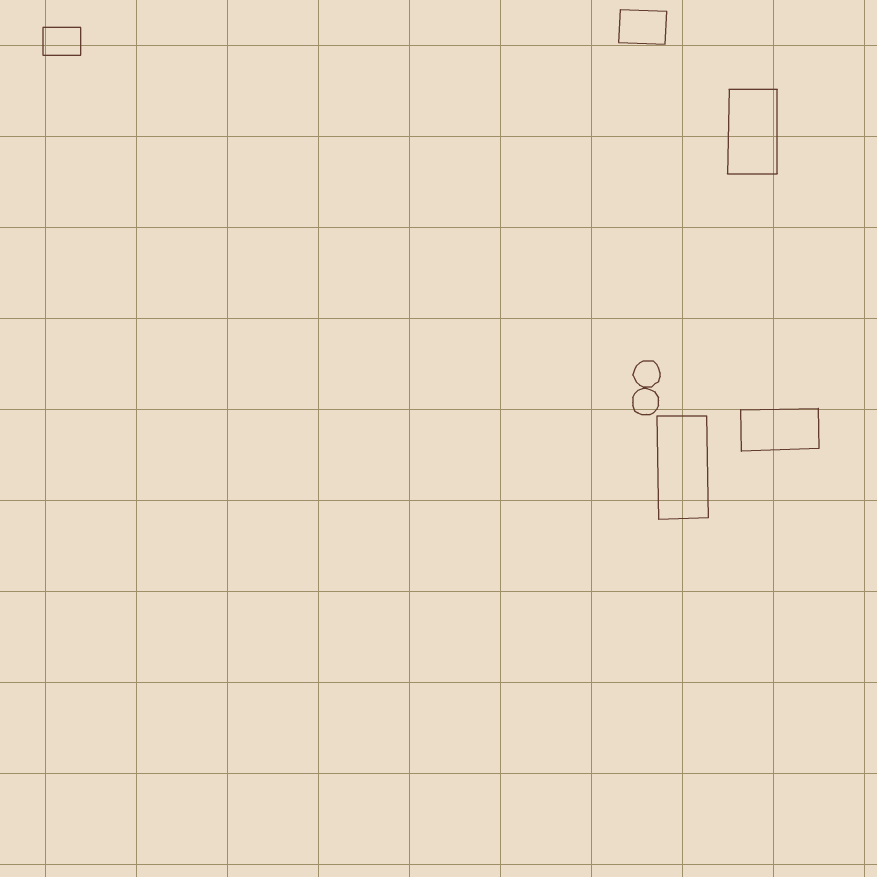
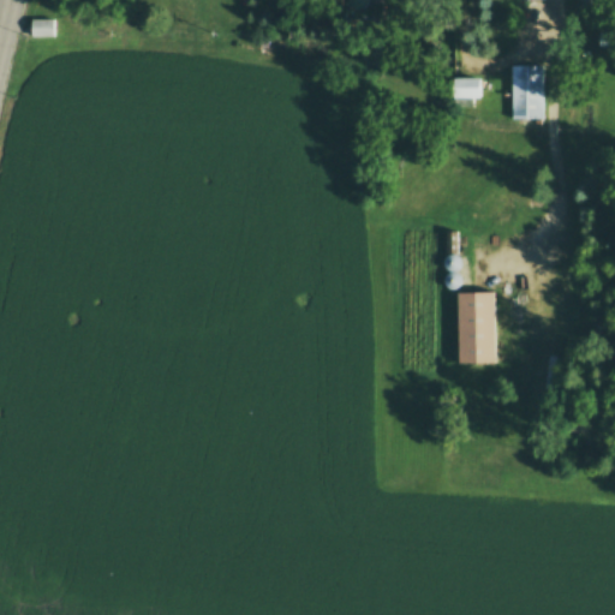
building: [619,10,667,44] -> [450,74,484,98]
building: [741,408,819,451] -> none

